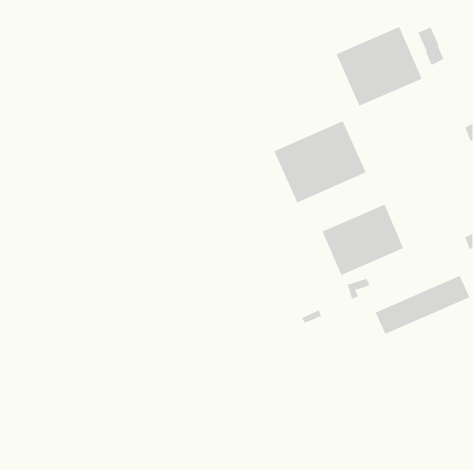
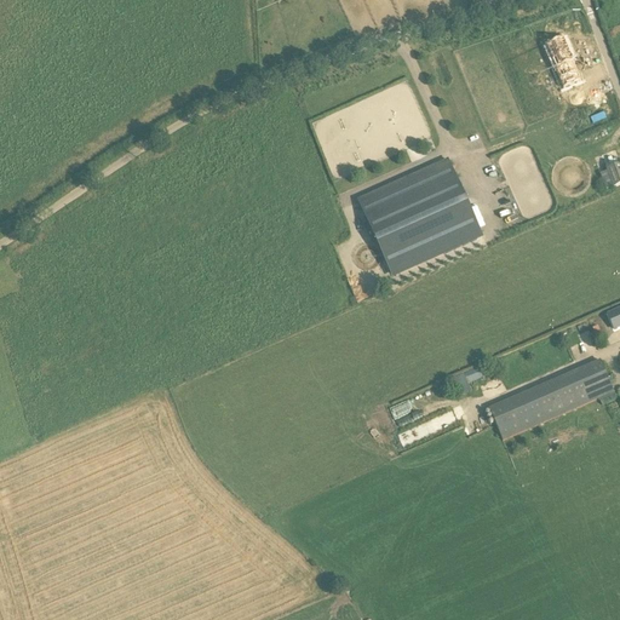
building: [336,26,423,107] -> none
building: [322,204,404,276] -> none

